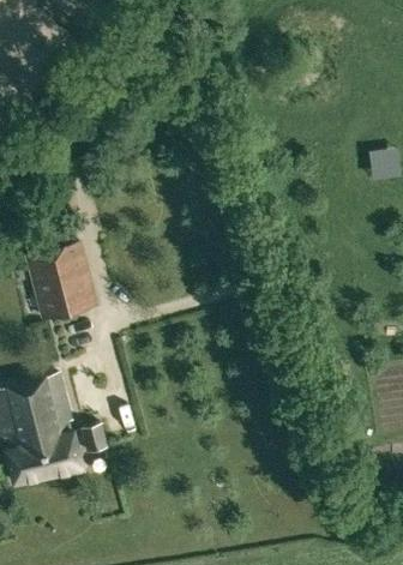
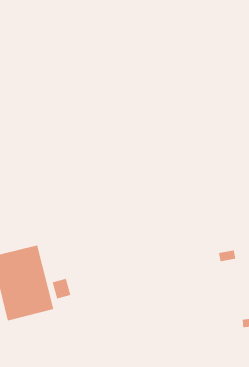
building: [29,251,92,321] -> none

